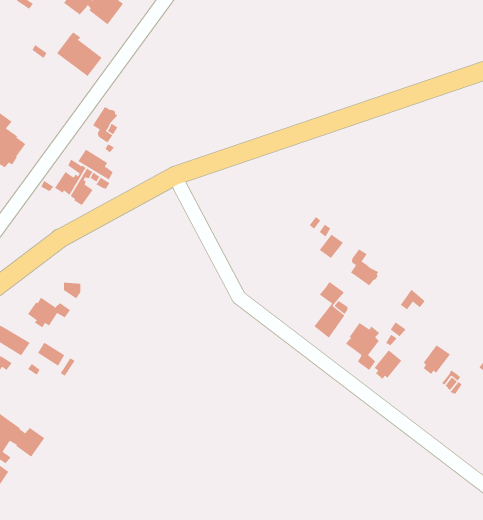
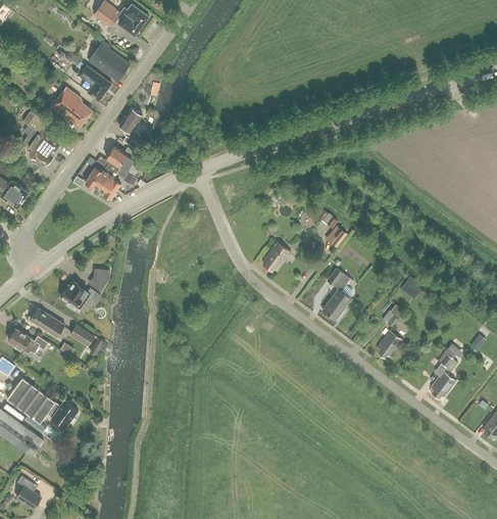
building: none -> [78,64,111,99]
building: none -> [50,87,91,125]
building: [350,249,379,286] -> none
building: none -> [262,242,290,271]
building: [345,322,380,371] -> none
building: [423,345,451,375] -> [430,371,455,398]

